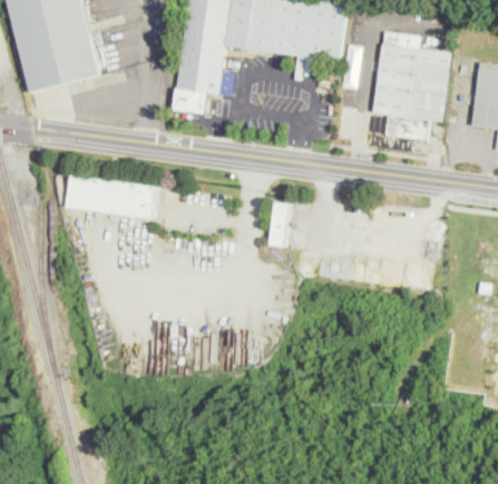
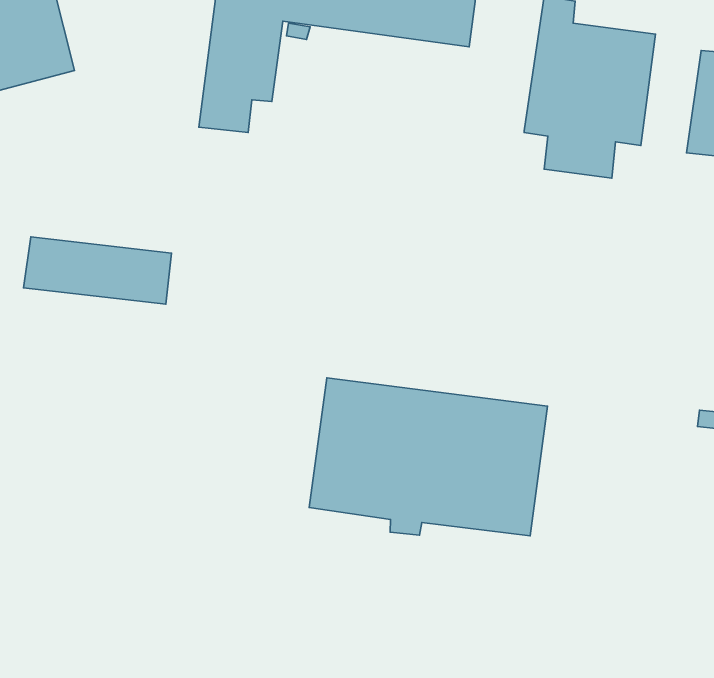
building: [267,200,290,246] -> none
building: none -> [309,378,548,536]

